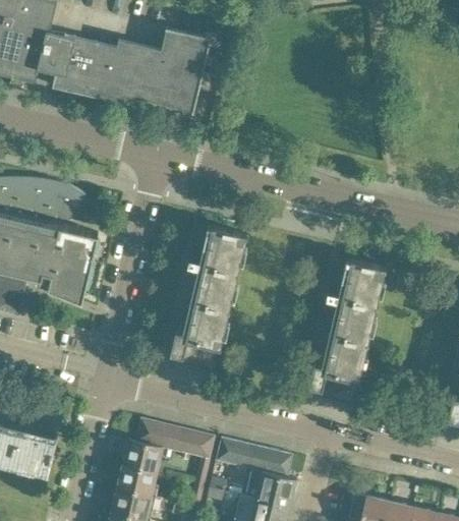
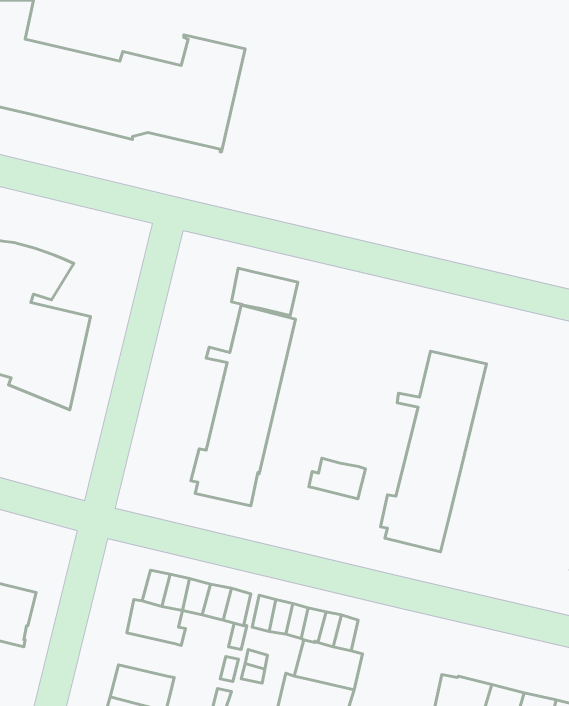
building: none -> [231,268,298,315]
building: none -> [309,458,366,499]
building: [117,464,161,497] -> none

